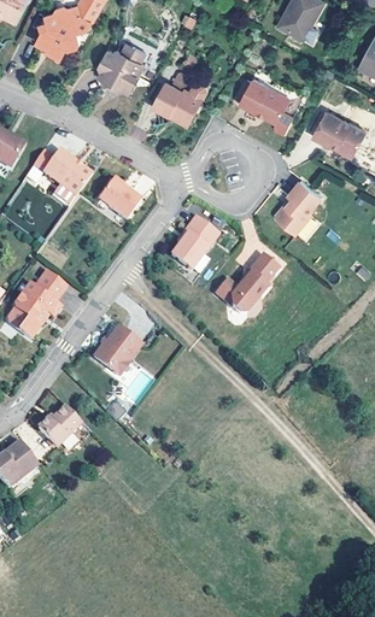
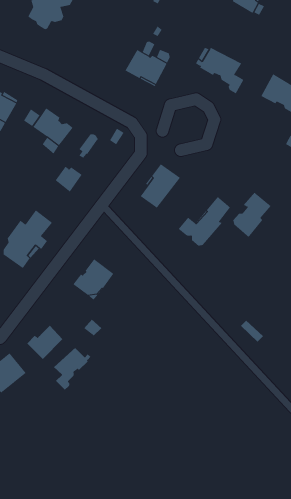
building: [96,45,146,93] -> none
building: [275,180,321,234] -> [233,192,271,238]
building: [109,188,141,219] -> [55,166,82,192]
building: none -> [53,347,91,391]

